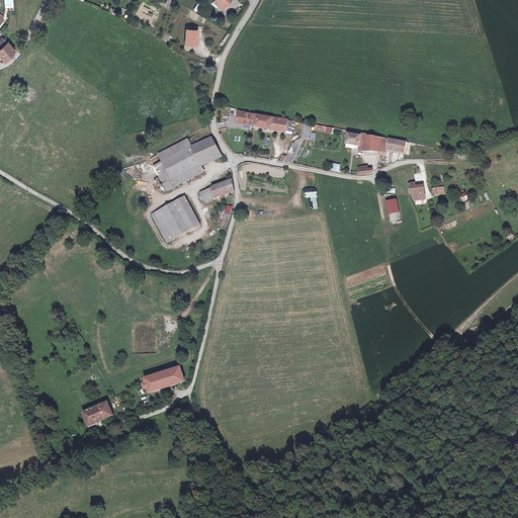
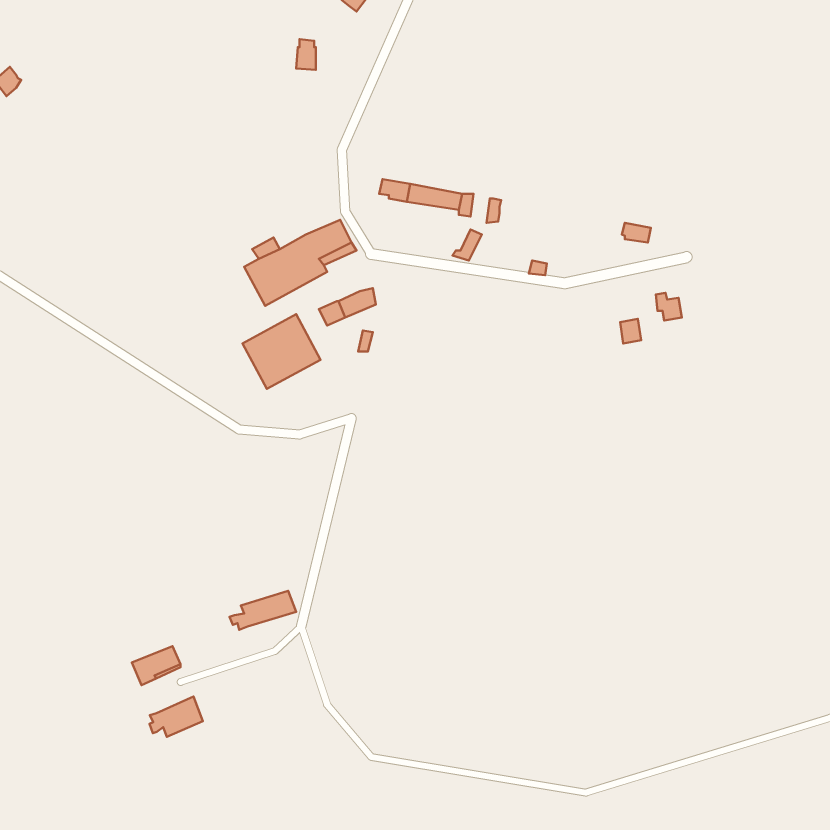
building: [345,131,385,155] -> none
building: none -> [149,697,203,737]

